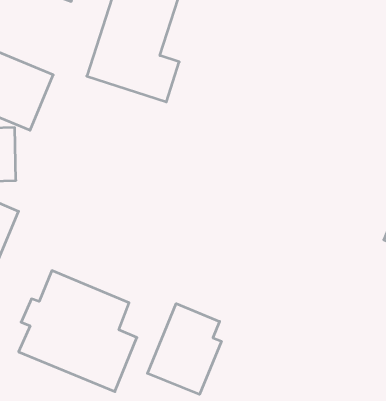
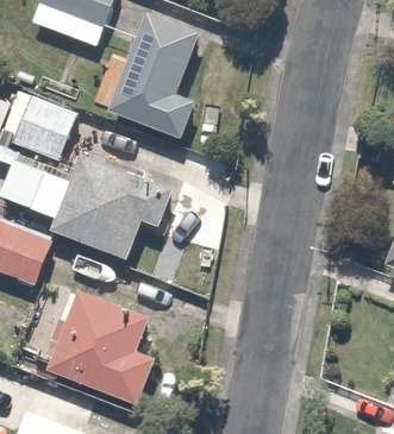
building: none -> [49,155,170,263]
building: [147,304,221,394] -> none

